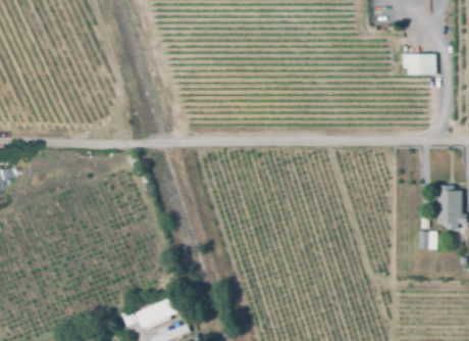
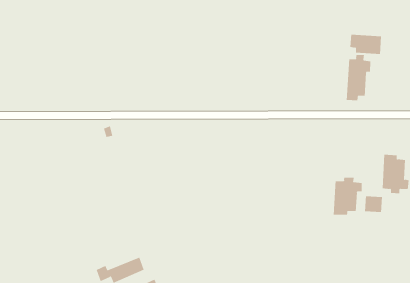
building: none -> [346,54,371,101]
building: none -> [333,177,362,216]

